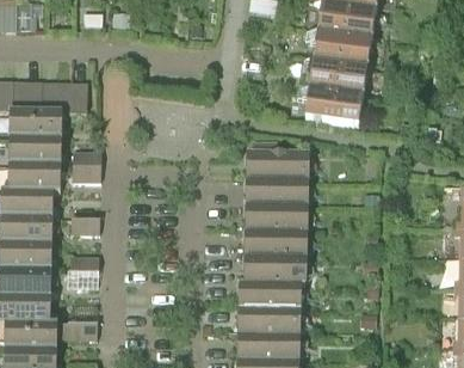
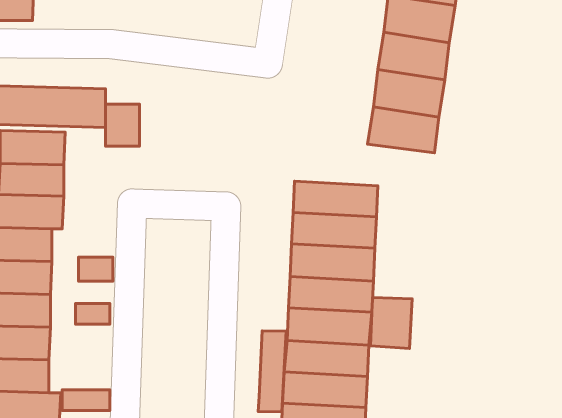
building: [73,151,100,184] -> [105,104,140,146]
building: none -> [370,297,412,349]
building: none -> [258,331,286,412]

